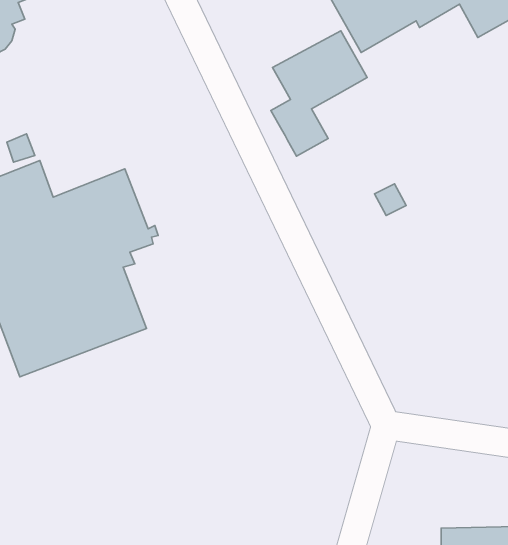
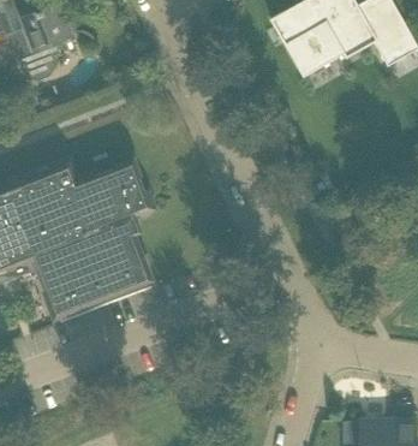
building: [271,31,367,156] -> none

